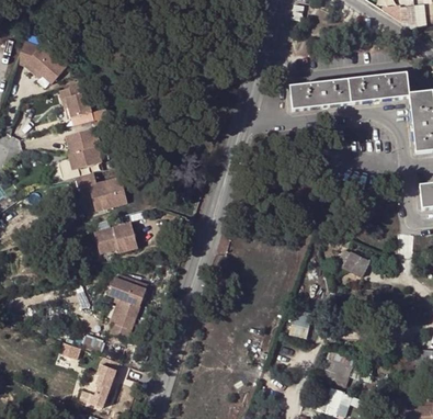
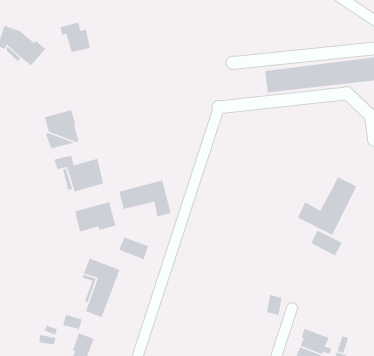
building: [59,83,91,115] -> [59,21,91,53]
building: none -> [297,176,357,236]
building: none -> [118,180,172,218]
building: none -> [118,237,149,260]

